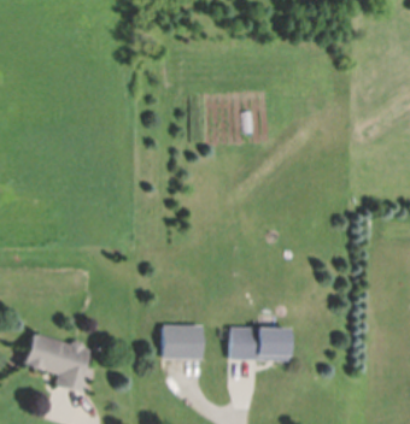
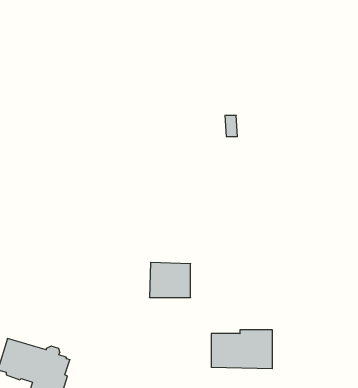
building: [163,325,203,359] -> [149,262,191,297]

